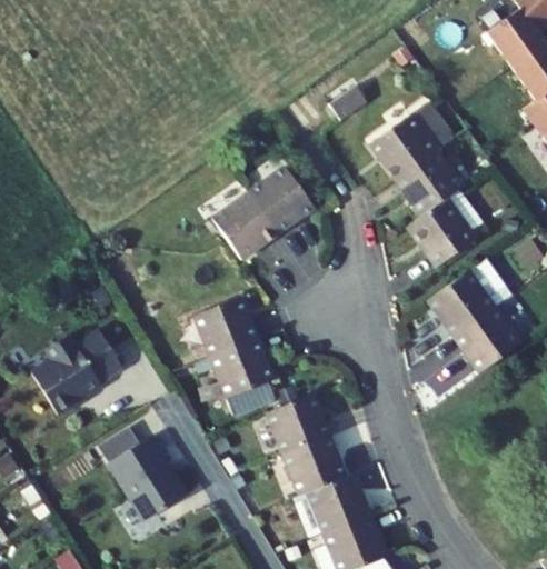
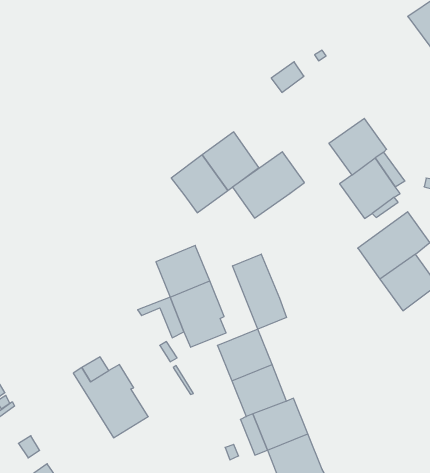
building: [369,103,452,180] -> [232,152,304,218]
building: none -> [233,254,287,329]
building: [32,330,122,416] -> none

